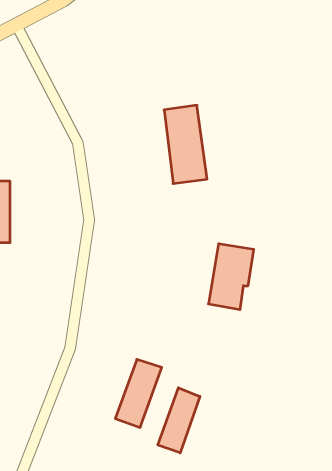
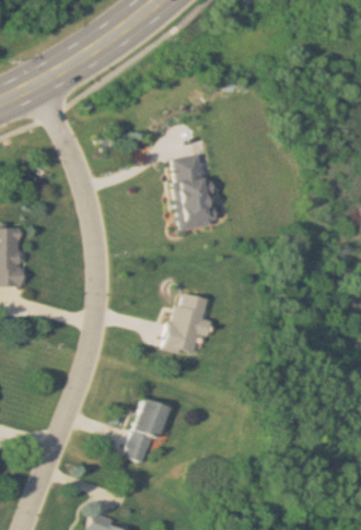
building: [208,244,254,310] -> [165,293,209,356]
building: [158,388,200,453] -> none

